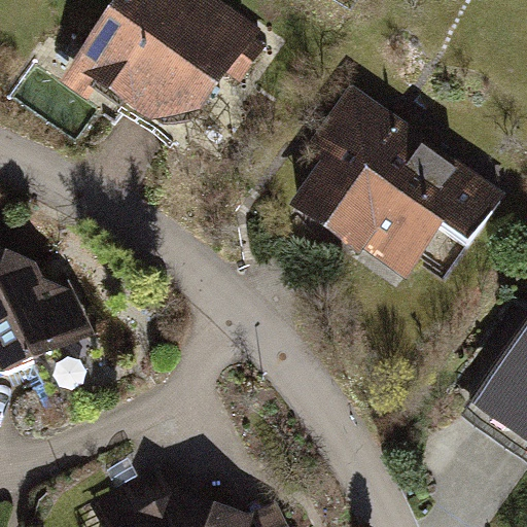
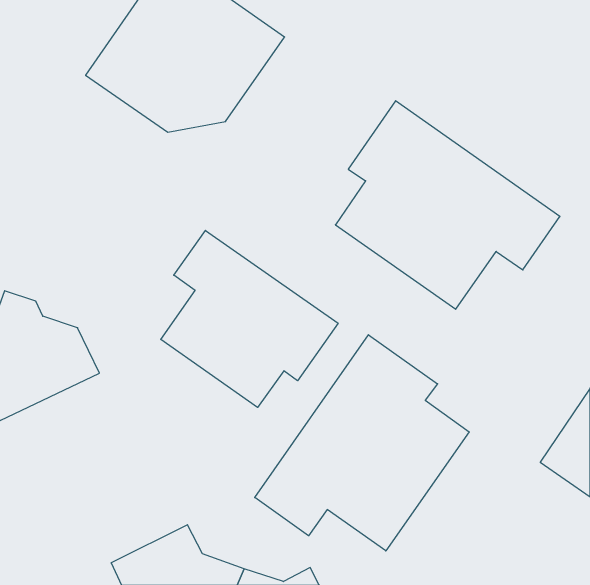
building: none -> [161,230,338,407]
building: none -> [255,335,469,551]

